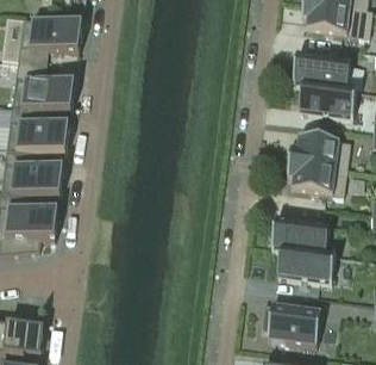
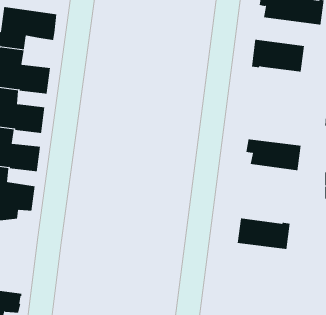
building: [299,82,357,117] -> none
building: [289,135,351,168] -> none
building: [271,217,330,253] -> none
building: [261,303,321,345] -> none

